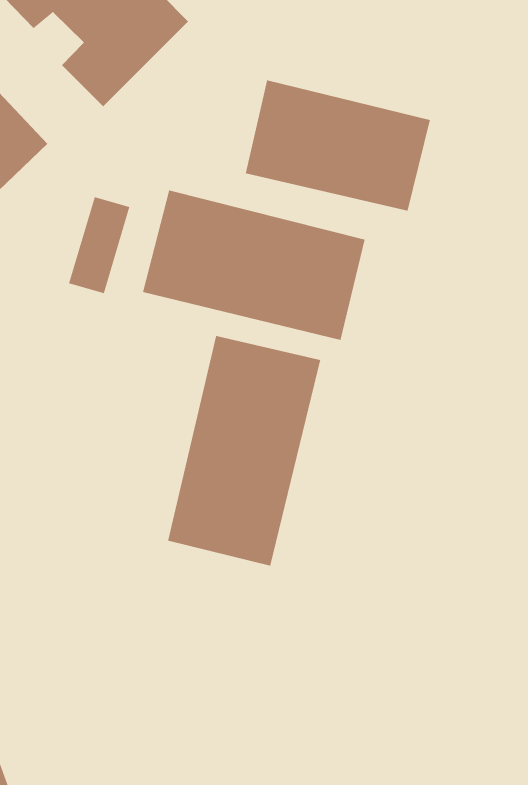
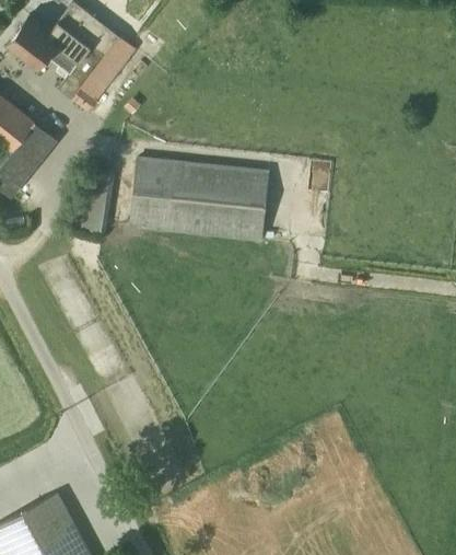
building: [245,80,431,212] -> none
building: [167,335,321,567] -> none

